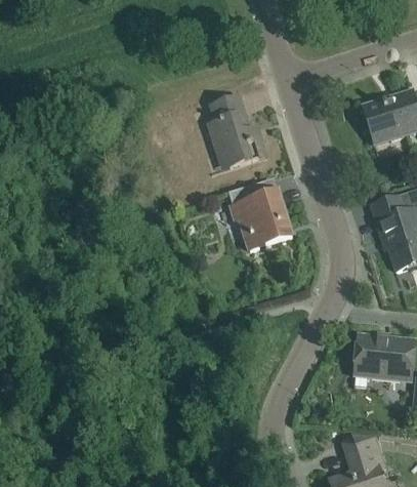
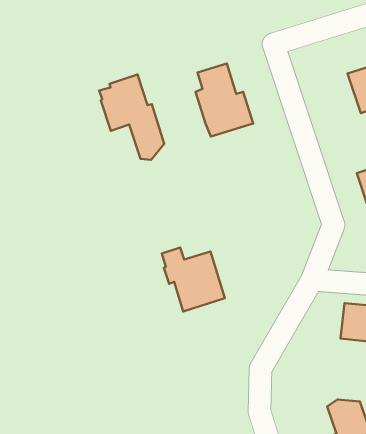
building: none -> [99,75,164,160]
building: [227,184,291,248] -> [162,247,225,311]

